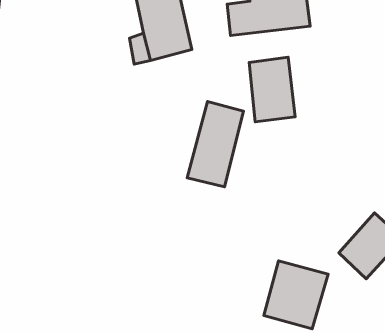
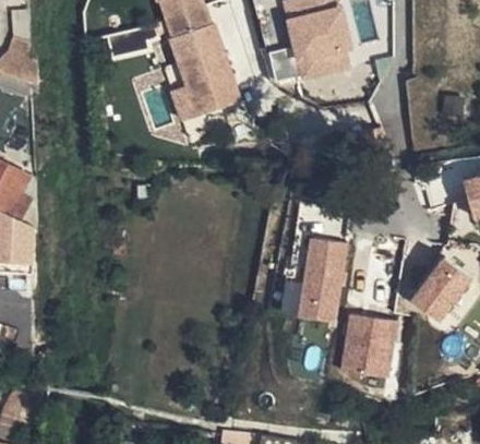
building: [249,57,295,122] -> none
building: [187,101,244,187] -> [298,236,349,322]

